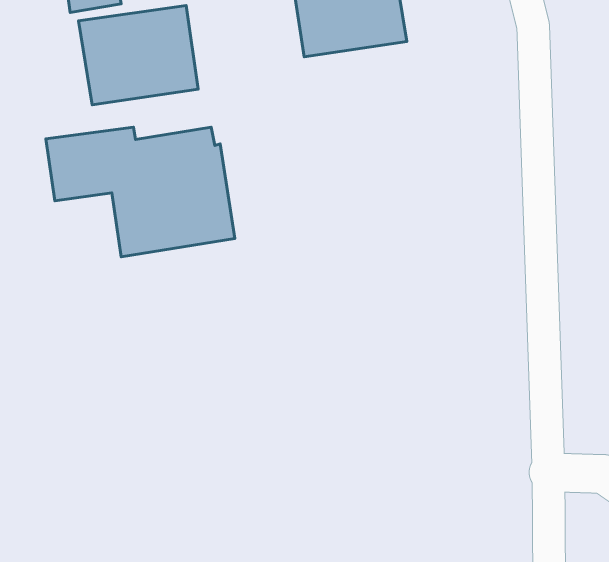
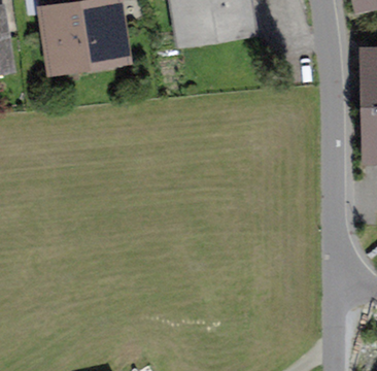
building: [46,127,235,257] -> none

